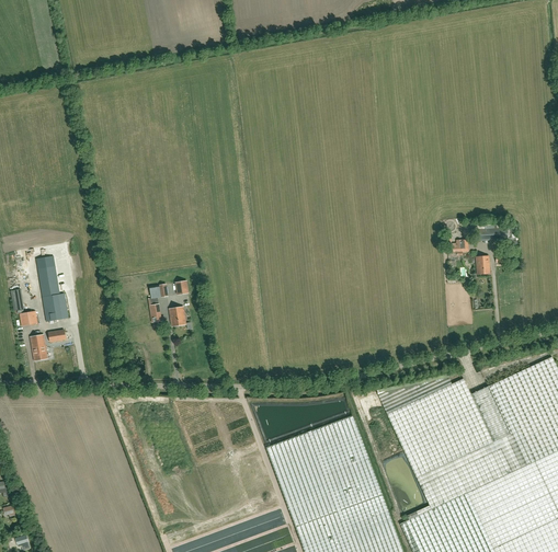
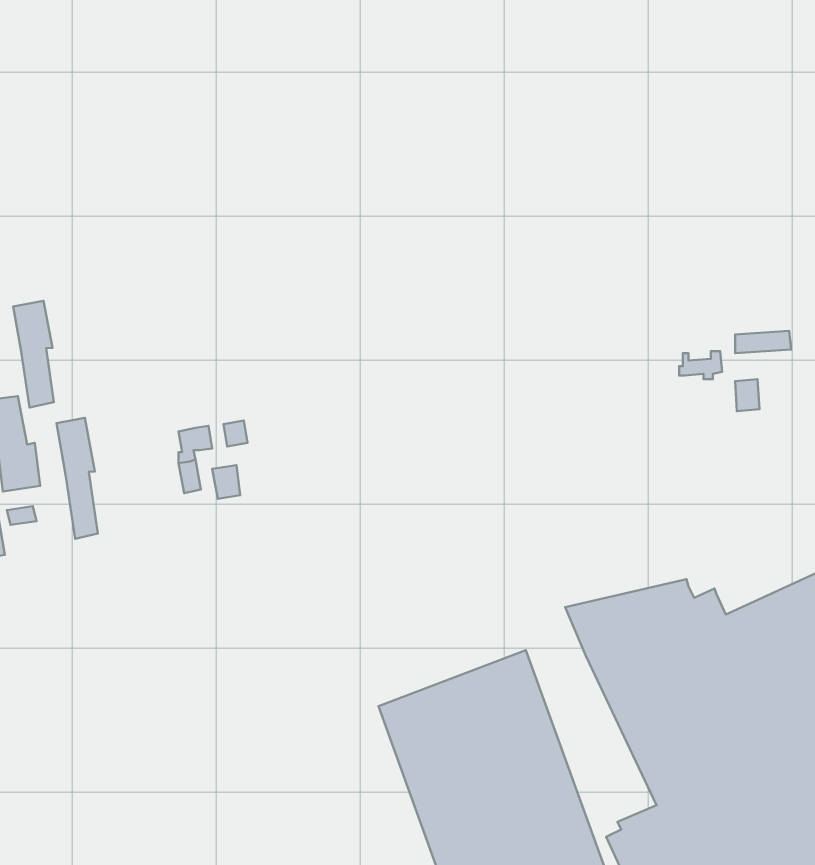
building: none -> [13,301,54,407]
building: none -> [56,418,98,539]

